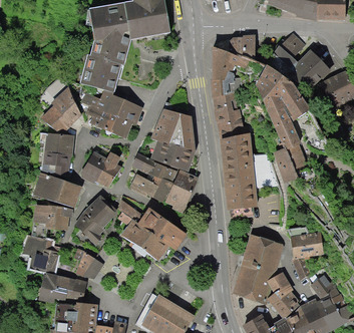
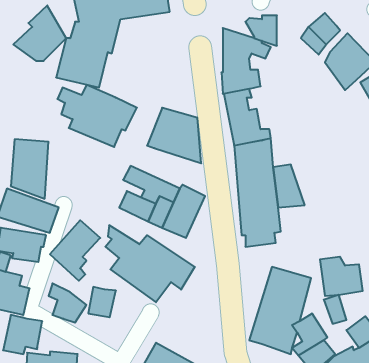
building: [257,64,310,183] -> none
building: [39,87,81,131] -> [13,5,66,61]
building: [150,139,195,171] -> none
building: [82,150,122,189] -> none
building: [64,277,86,301] -> [88,287,116,317]

